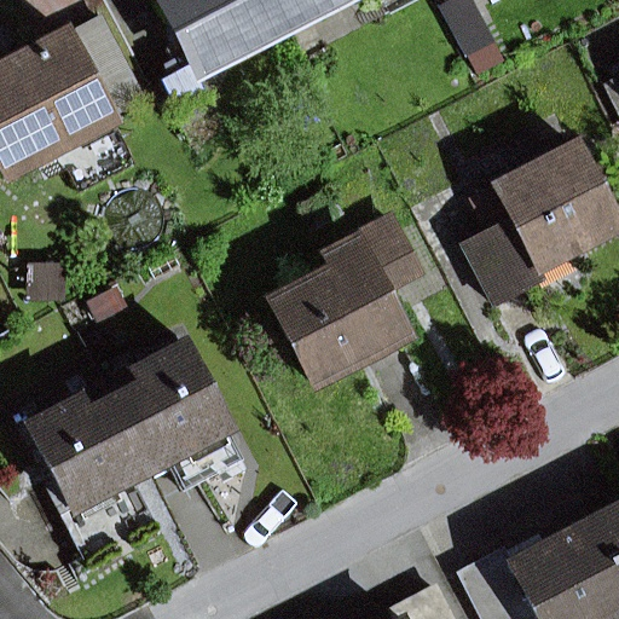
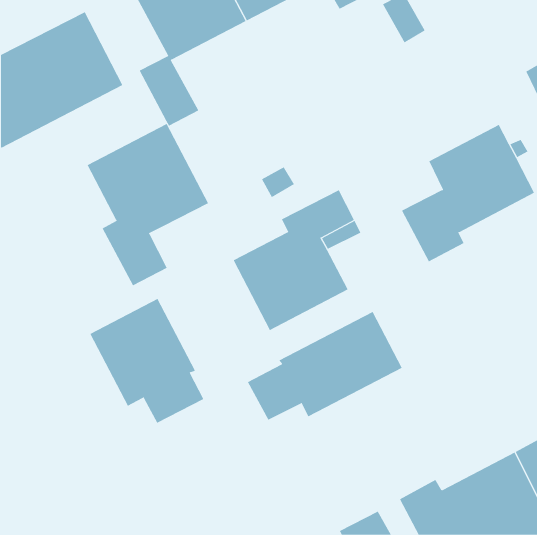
building: none -> [87,123,209,286]
building: none -> [247,311,402,421]
building: [24,383,156,553] -> none

